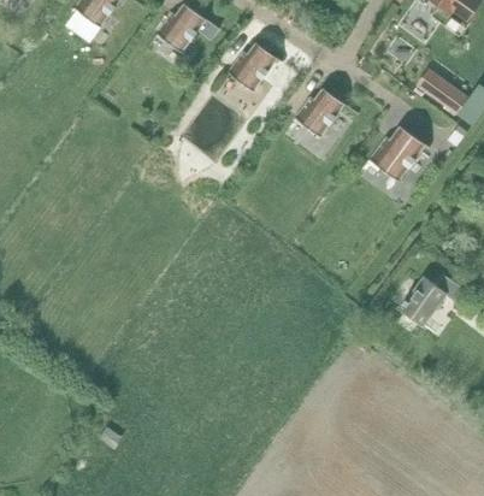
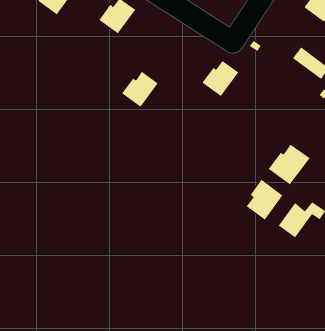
building: [228,41,278,90] -> [121,71,159,108]
building: [370,125,430,181] -> [268,144,313,185]
building: none -> [246,179,283,220]

